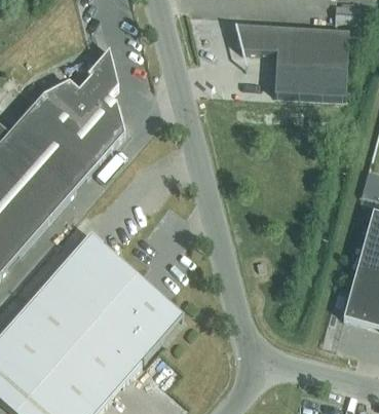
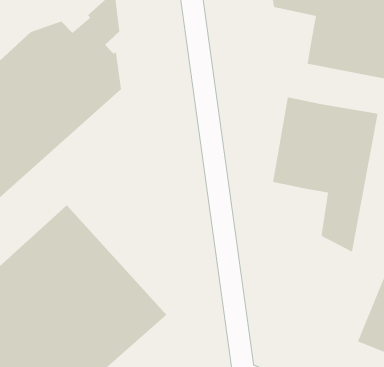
building: none -> [272,97,378,253]

